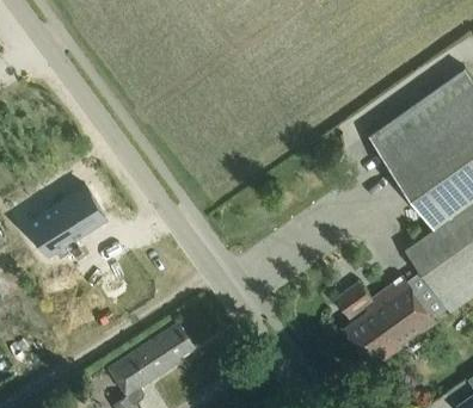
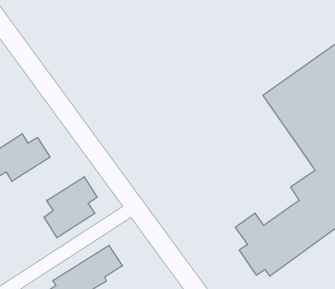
building: none -> [44,177,97,238]

